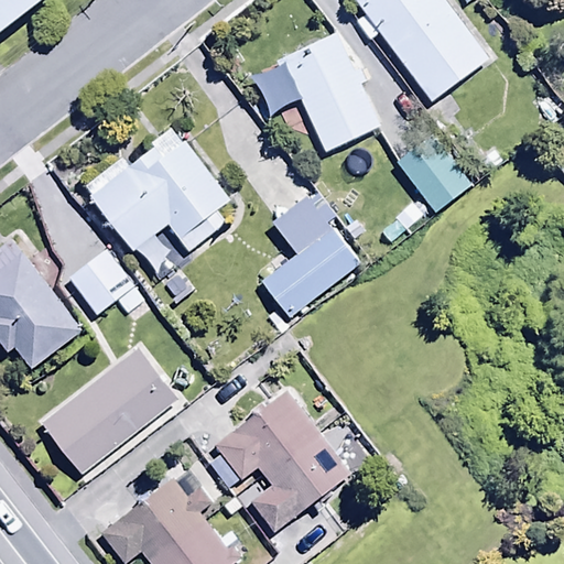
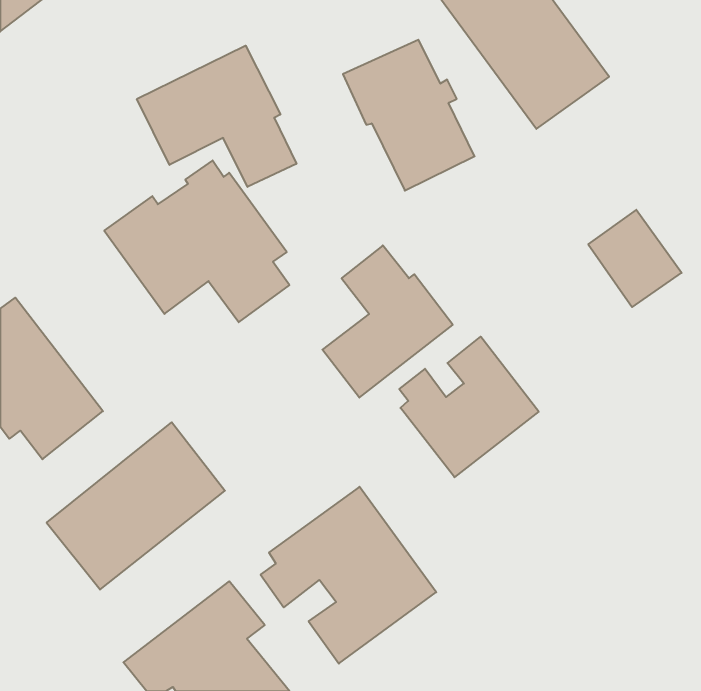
building: none -> [137,46,296,187]
building: [398,132,473,210] -> [588,210,682,307]
building: [68,248,143,315] -> none
building: none -> [399,337,539,477]

